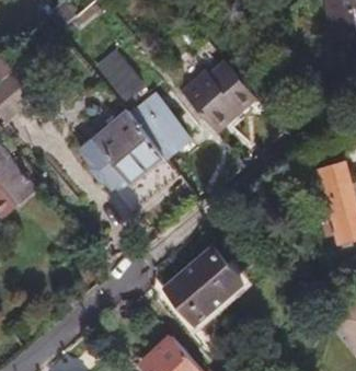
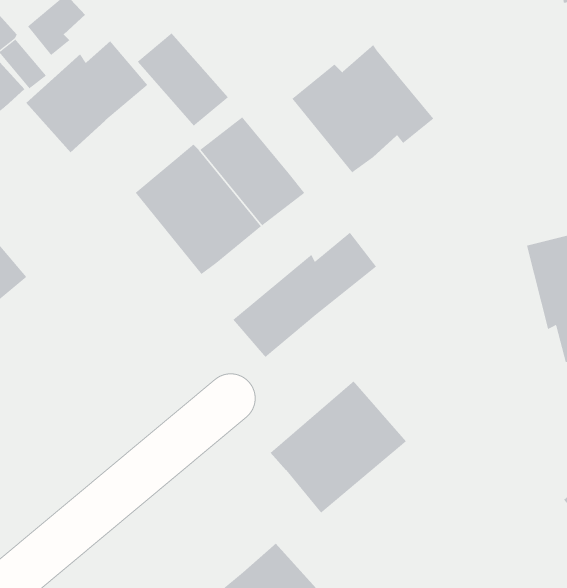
building: none -> [25,40,148,153]
building: none -> [233,232,377,358]

